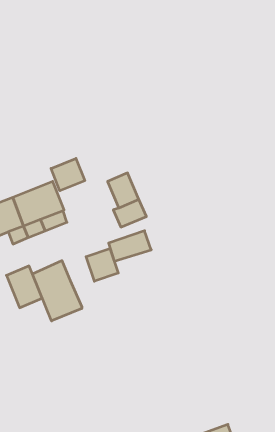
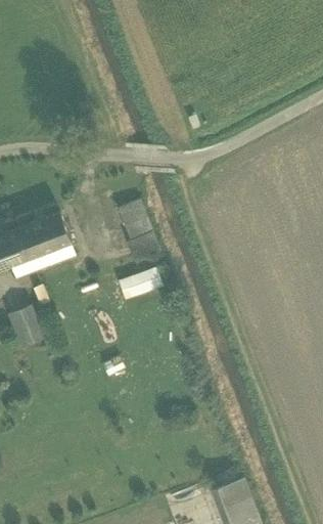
building: [51,158,85,191] -> none
building: [86,248,118,281] -> none
building: [32,261,82,321] -> none

